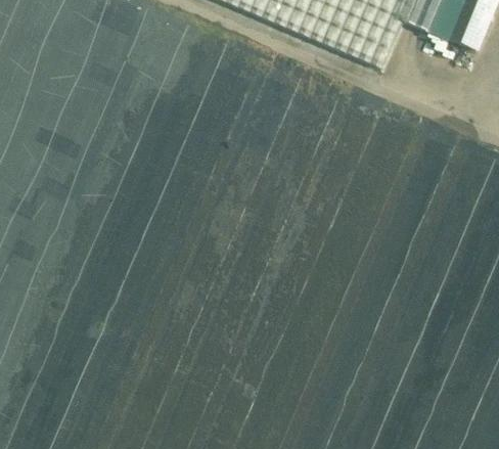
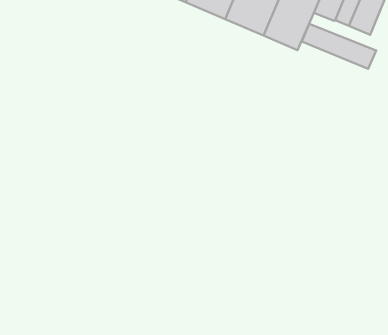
building: none -> [302,24,376,69]

